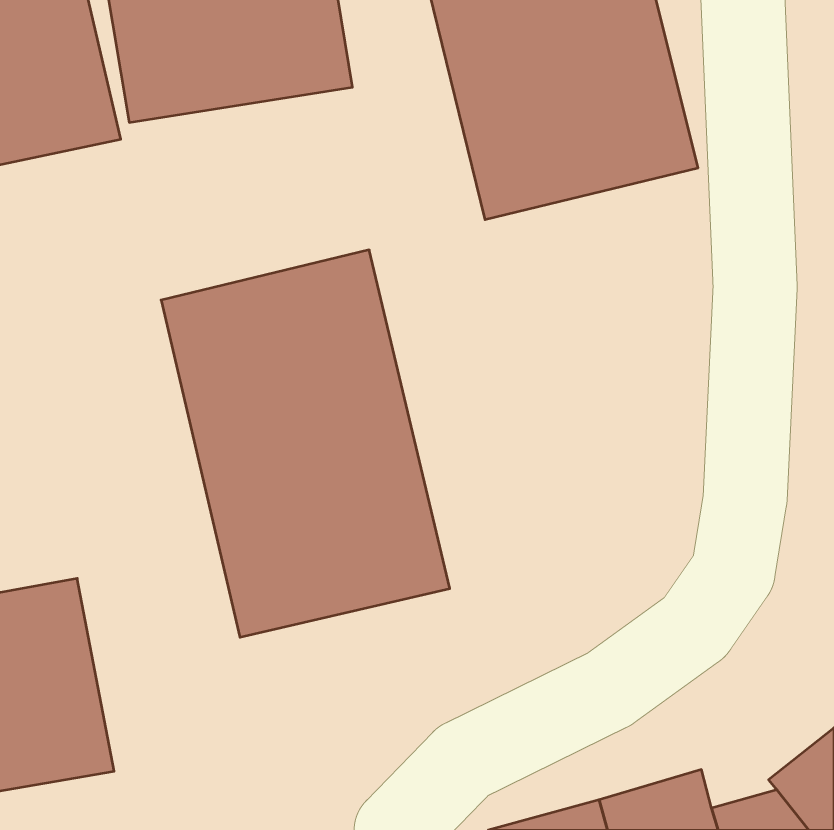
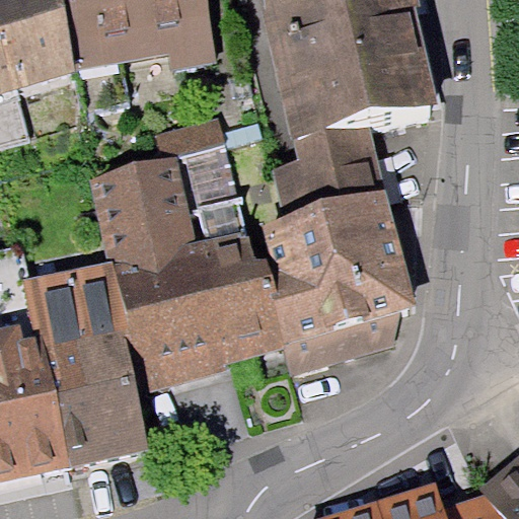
building: none -> [303,136,402,211]
building: none -> [272,203,425,348]
building: none -> [34,274,139,466]

